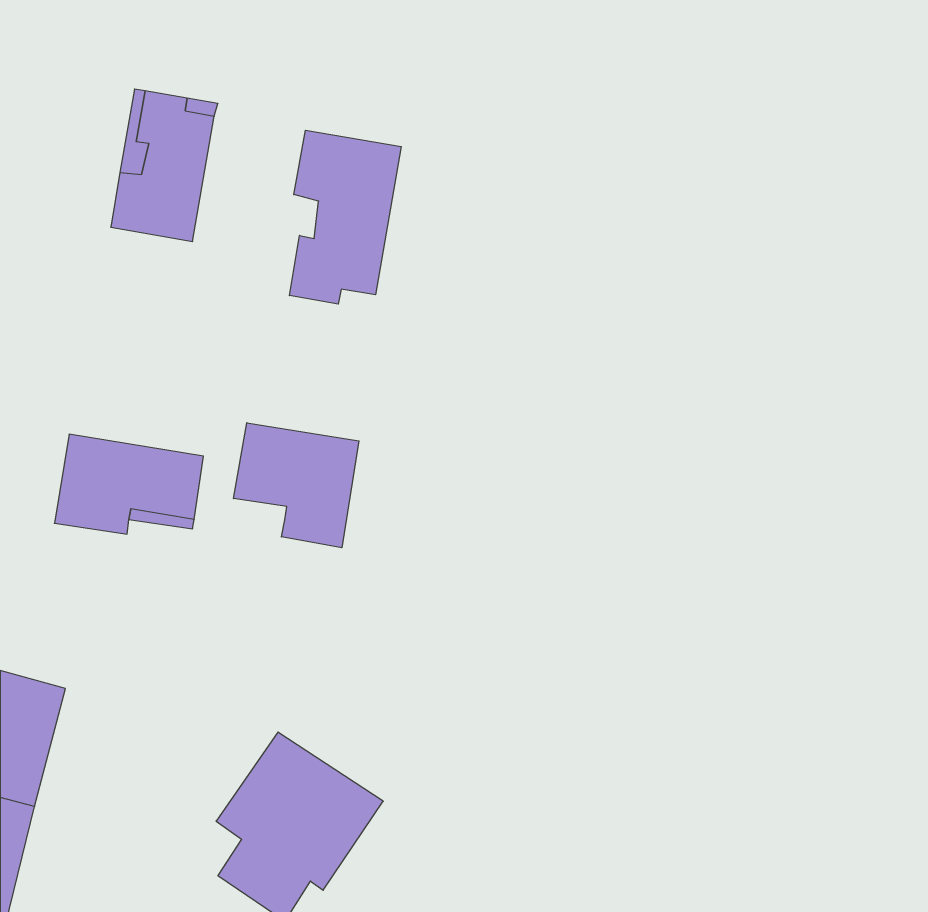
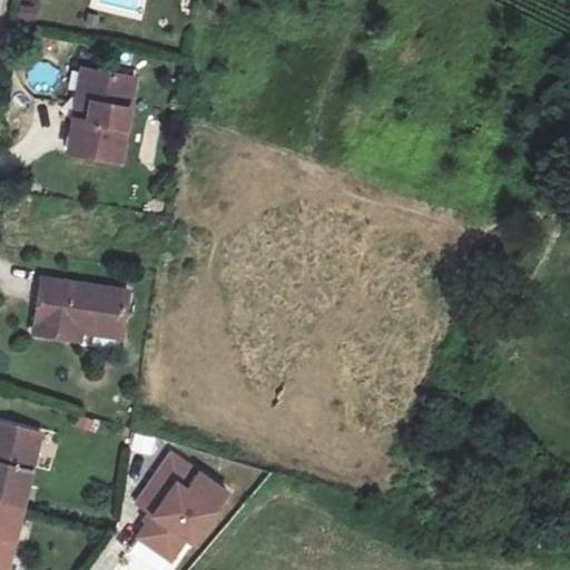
building: [289,130,401,304] -> none
building: [234,423,359,548] -> none

